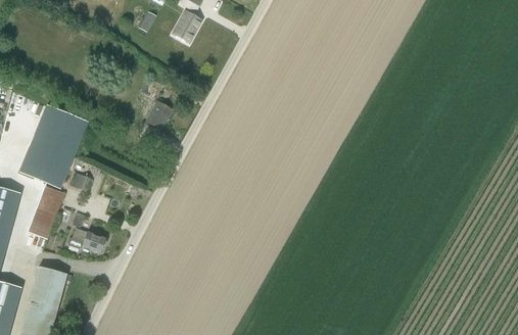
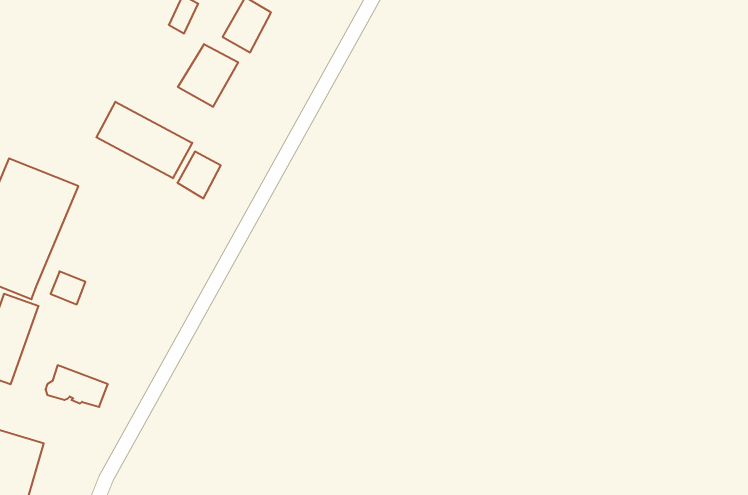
building: none -> [178,44,238,107]
building: none -> [96,102,192,178]

